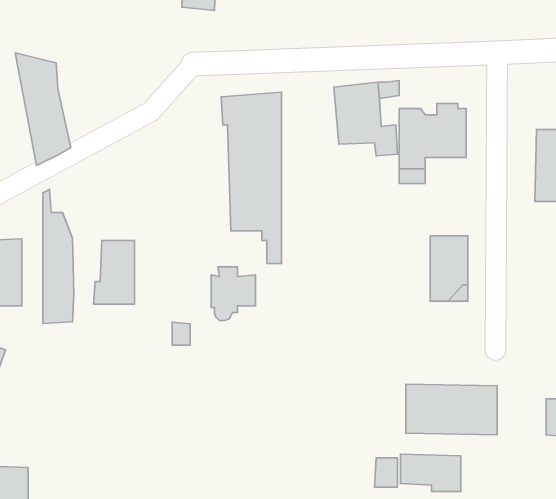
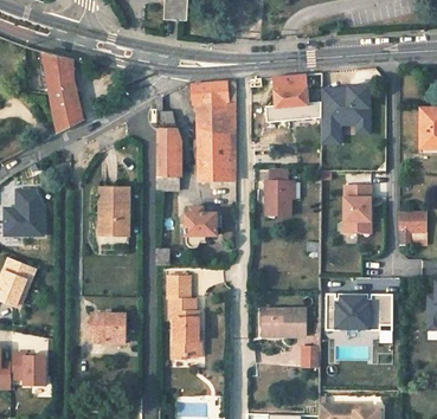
building: [43,190,74,323] -> [155,95,178,192]
building: none -> [263,170,298,214]
building: none -> [398,217,423,249]
building: none -> [167,277,198,359]
building: none -> [89,311,127,342]
building: [401,454,461,492] -> [262,309,306,336]

